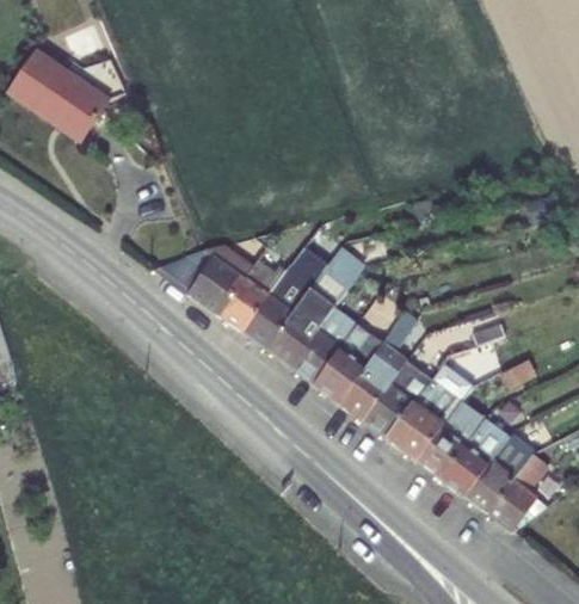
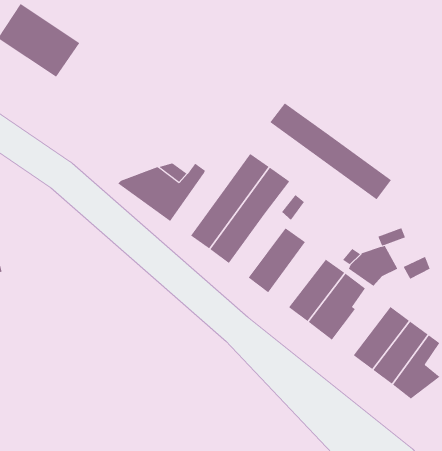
building: none -> [270,102,392,200]
building: [218,258,287,332] -> none
building: [290,306,358,383] -> none
building: [338,309,418,419] -> none
building: [415,399,486,477] -> none

